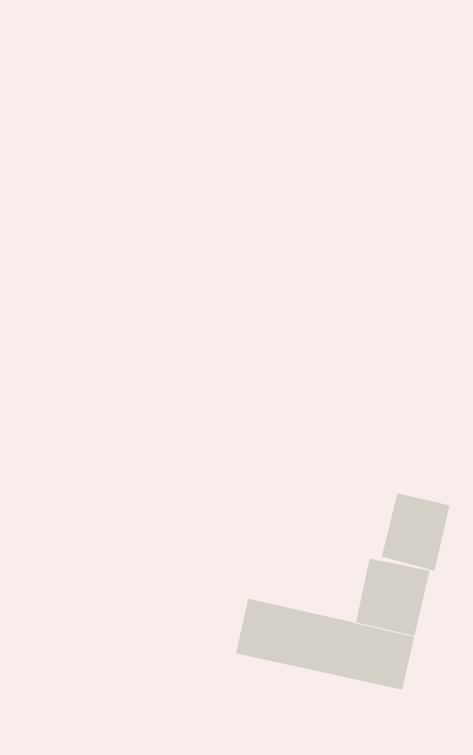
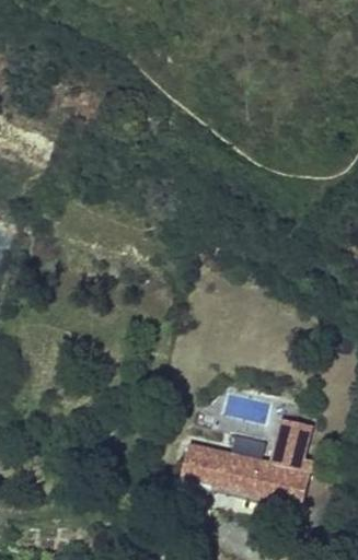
building: [381,493,450,572] -> none

